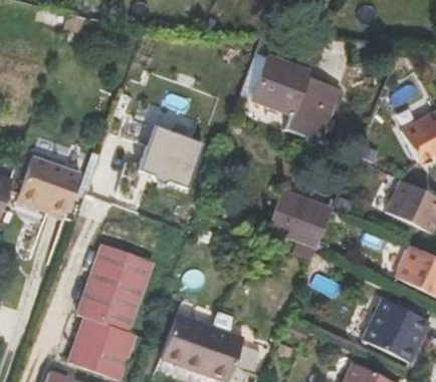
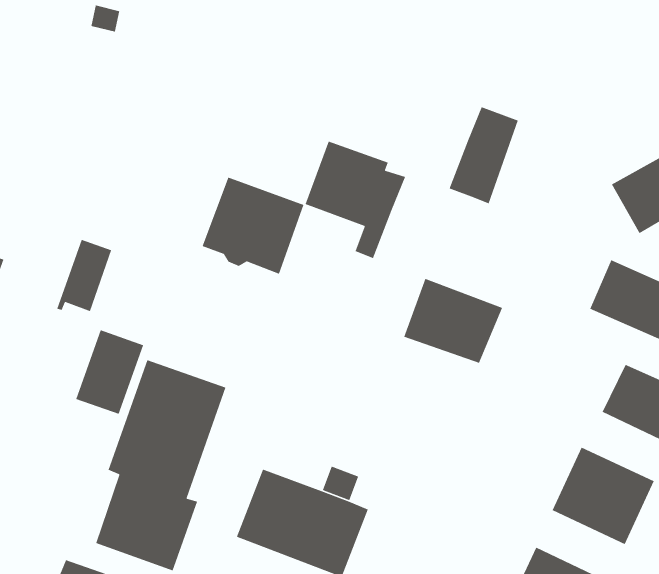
building: [252,58,317,134] -> [305,140,406,259]
building: [16,156,60,212] -> [75,329,144,415]

